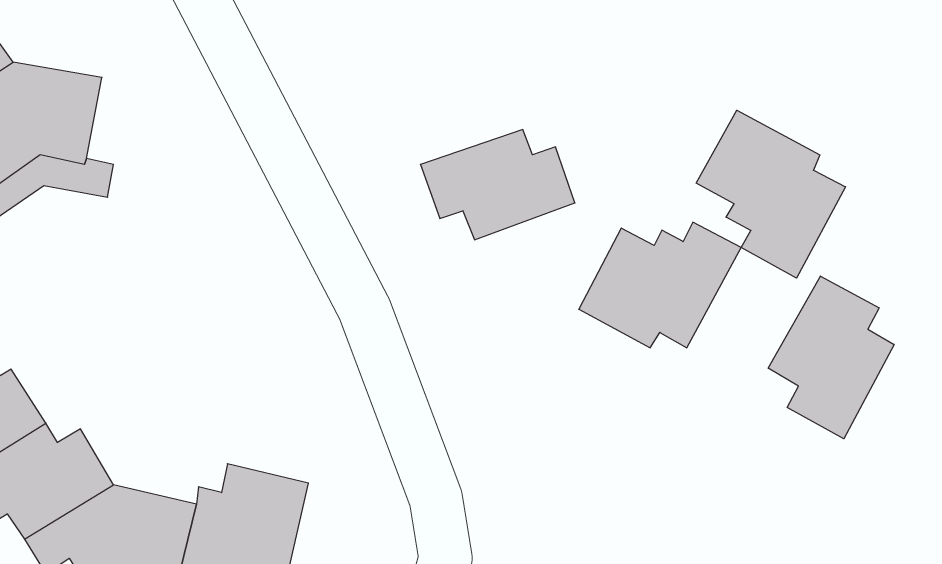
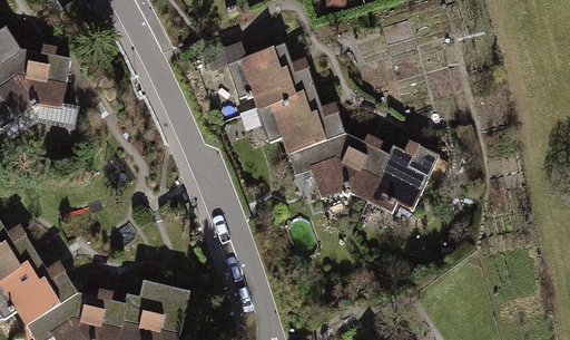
building: none -> [238,43,314,107]
building: [696,110,846,278] -> none
building: none -> [286,129,371,202]
building: [768,276,894,439] -> none

